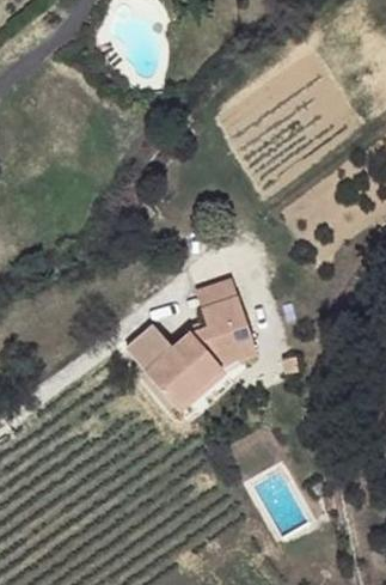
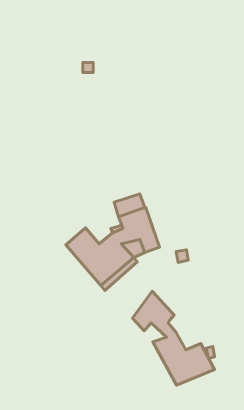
building: none -> [133,291,215,385]

